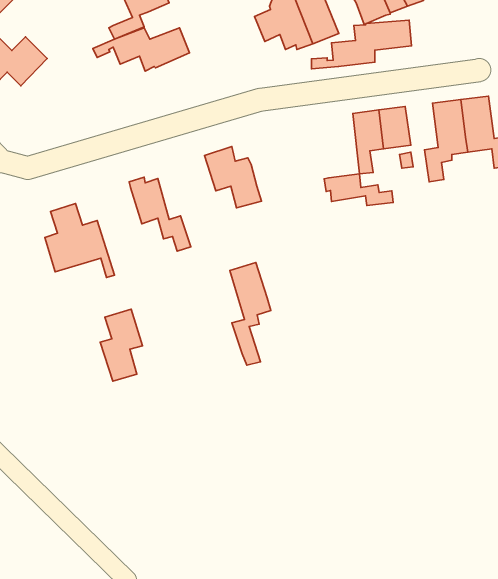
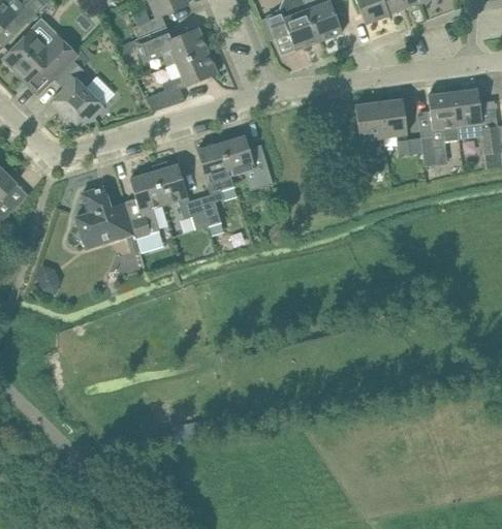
building: [311,20,411,69] -> none
building: none -> [147,50,218,112]
building: none -> [50,51,104,129]
building: [324,174,393,205] -> none
building: [230,262,271,365] -> [197,143,234,236]
building: [100,309,142,381] -> [126,172,164,237]

